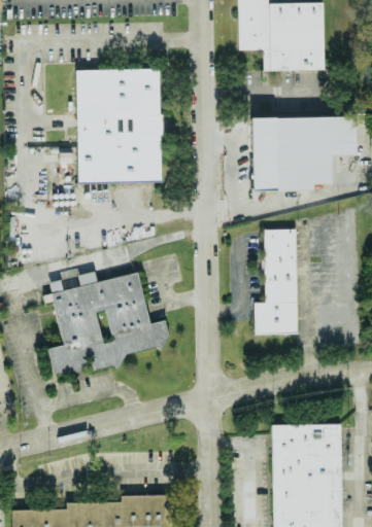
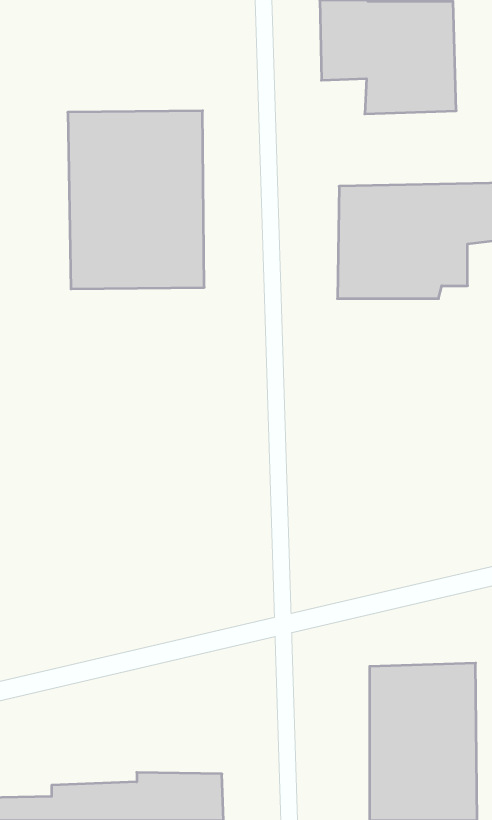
building: [252,230,296,335] -> none
building: [42,273,169,376] -> none

